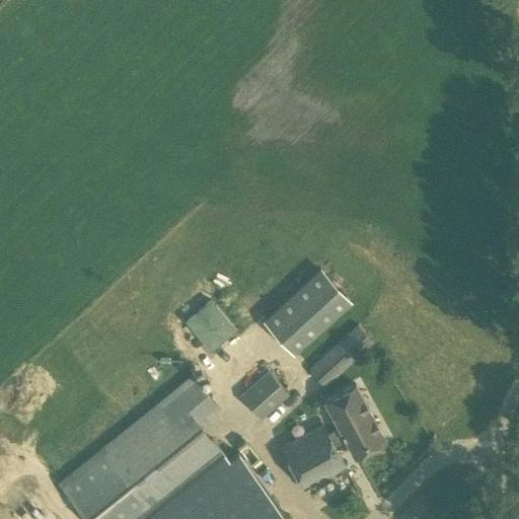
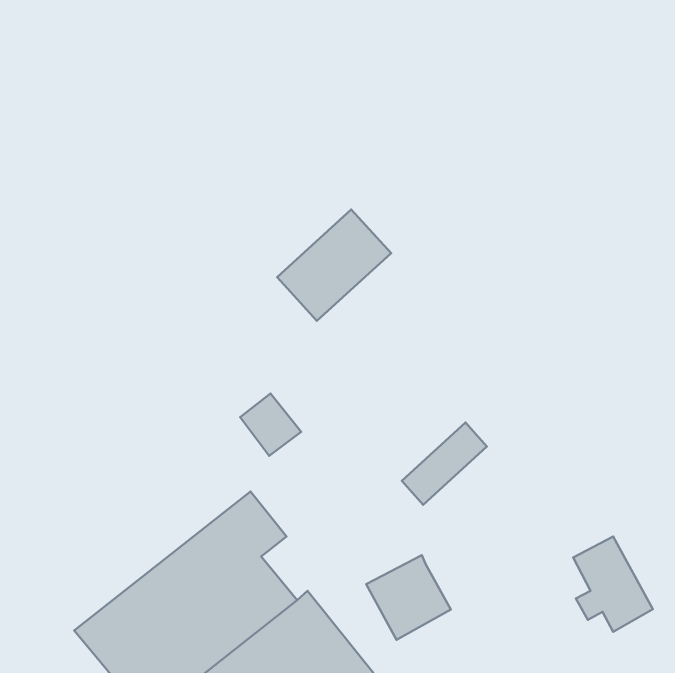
building: [263,271,350,356] -> [277,210,391,321]
building: [239,372,287,421] -> none
building: [323,387,384,460] -> [573,536,653,632]

